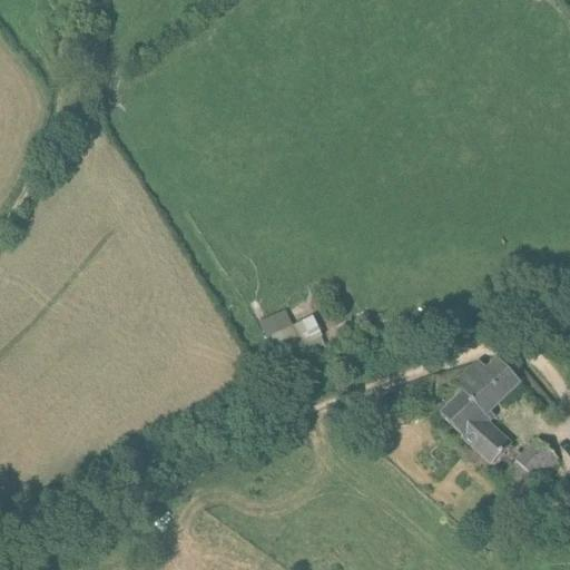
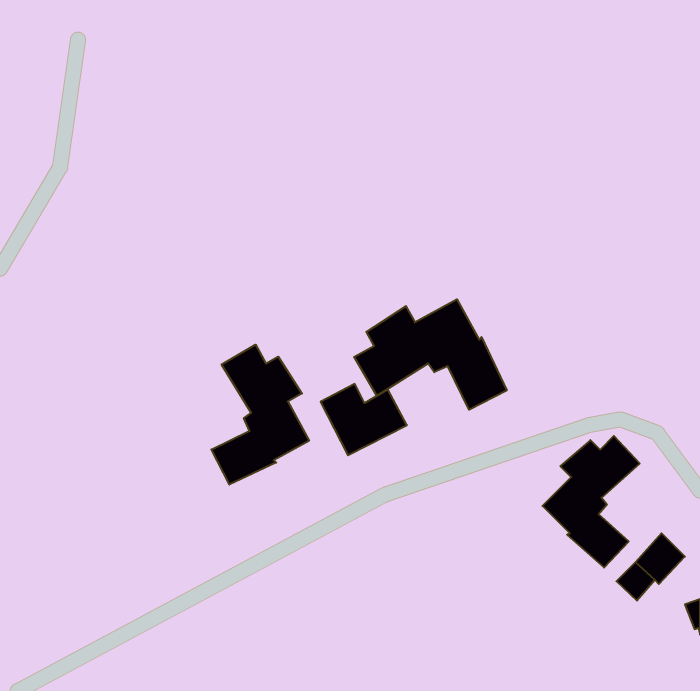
building: none -> [354,299,507,410]
building: none -> [211,345,309,485]

